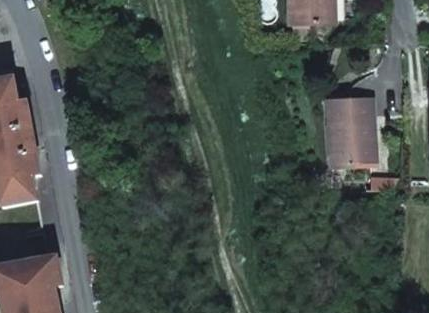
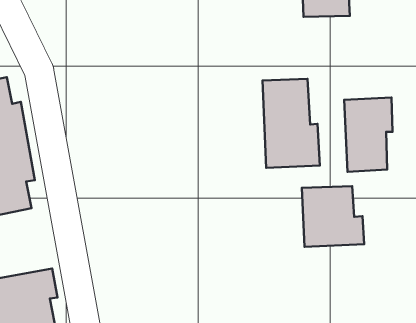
building: none -> [262,79,320,168]
building: none -> [302,186,364,247]

